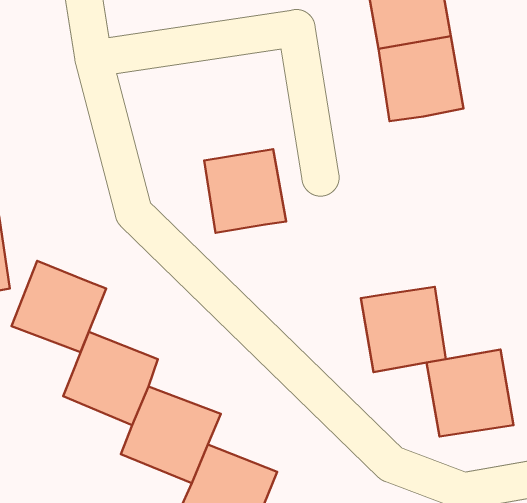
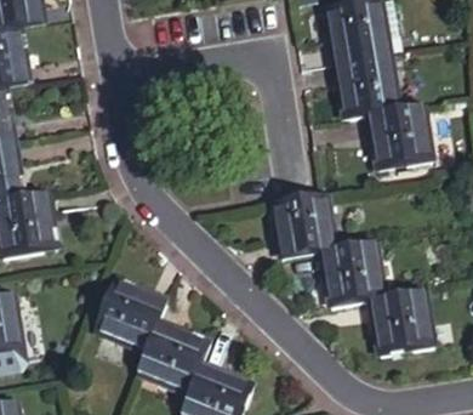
building: none -> [366,106,431,171]
building: [204,149,286,233] -> [273,195,335,258]
building: [11,261,106,352] -> none

